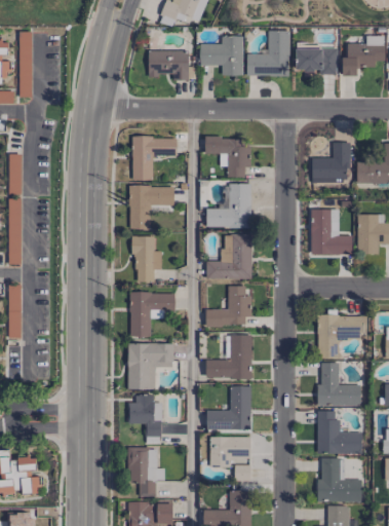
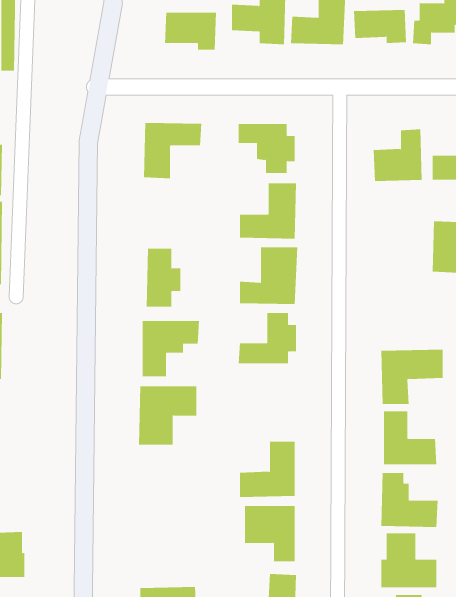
building: [129,186,174,229] -> none
building: [311,210,354,257] -> none
building: [205,334,251,379] -> none
building: [127,394,161,443] -> none
building: [126,448,165,495] -> none

